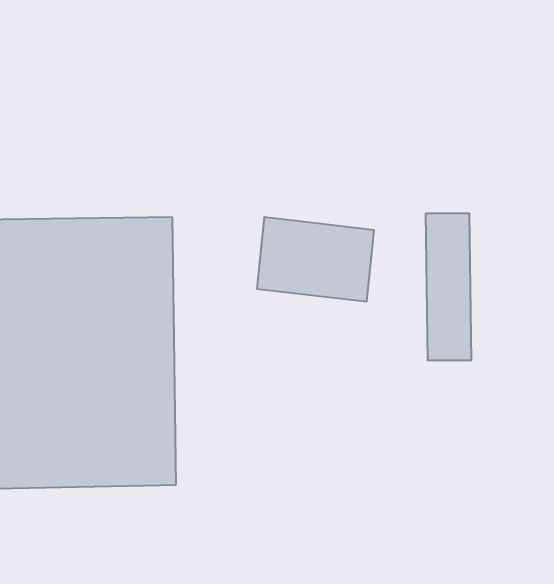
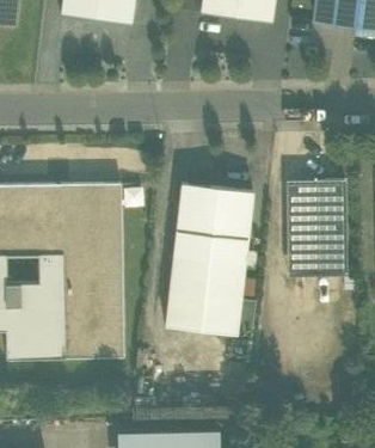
building: none -> [315,179,348,276]
building: none -> [166,229,248,335]

